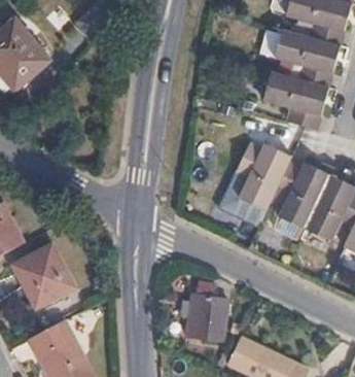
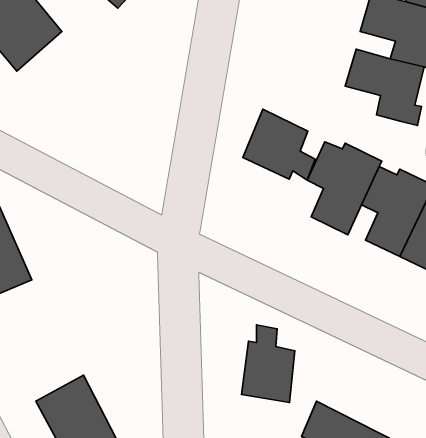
building: none -> [243,109,315,180]
building: [12,243,75,306] -> none

